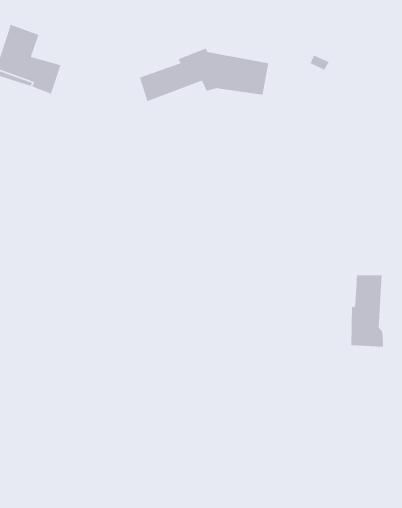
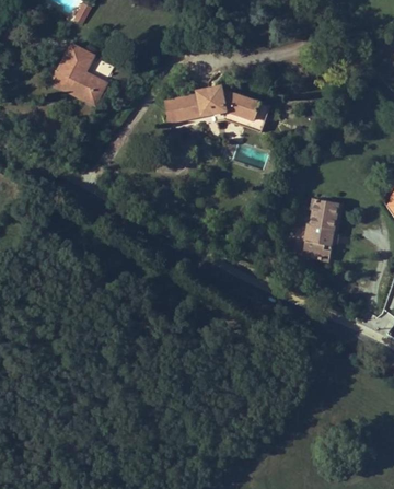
building: [350,275,384,348] -> [302,199,336,260]

